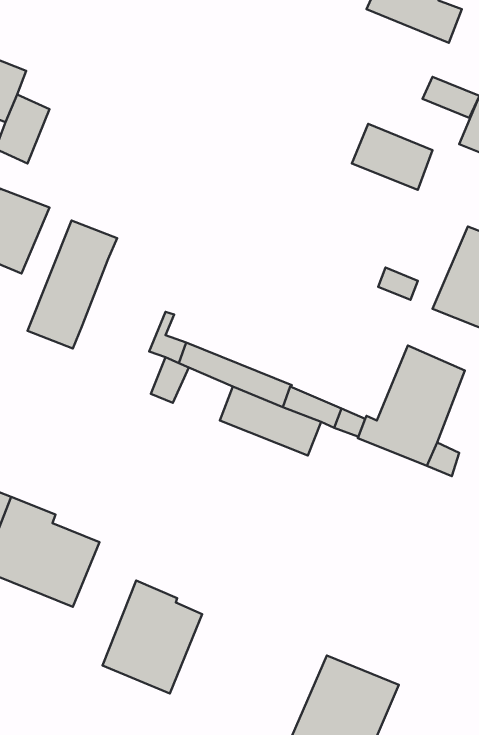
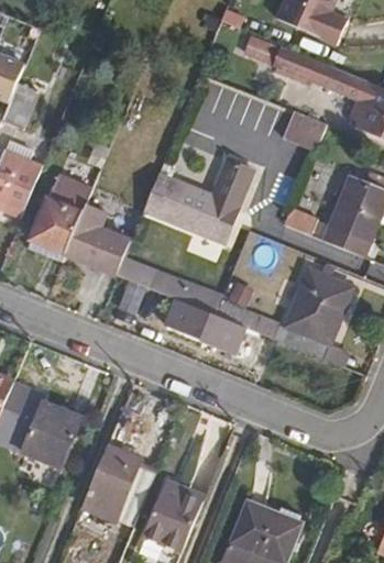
building: none -> [270,47,328,84]
building: none -> [142,161,254,242]
building: none -> [65,203,127,273]
building: none -> [130,481,201,553]

